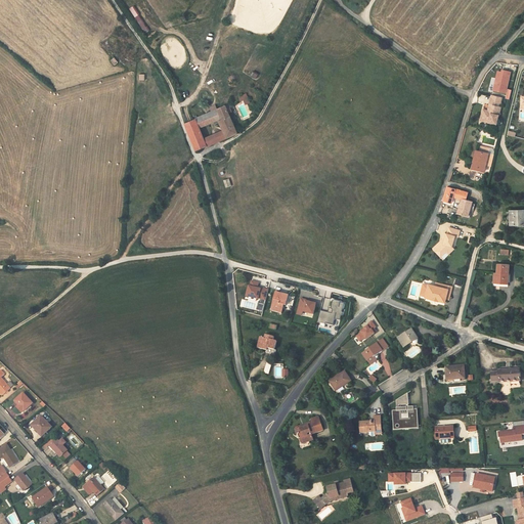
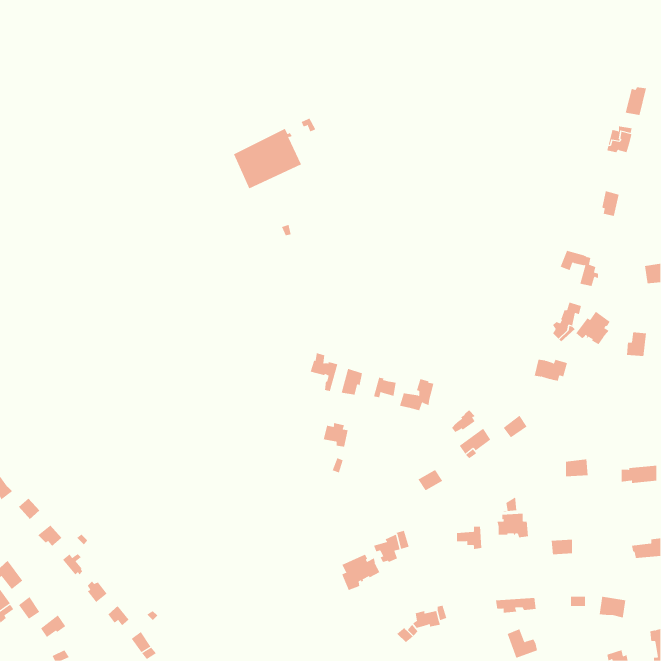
building: none -> [576,311,611,345]
building: none -> [342,554,380,591]

